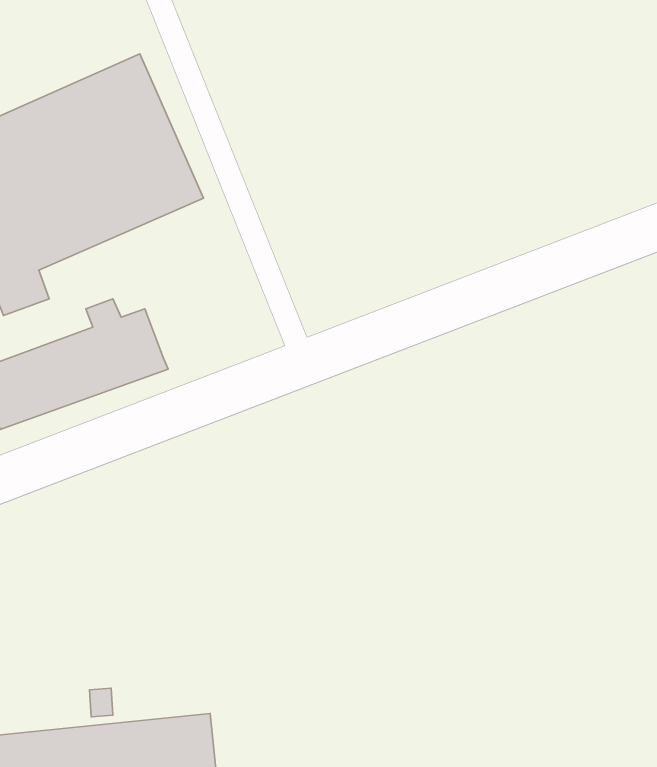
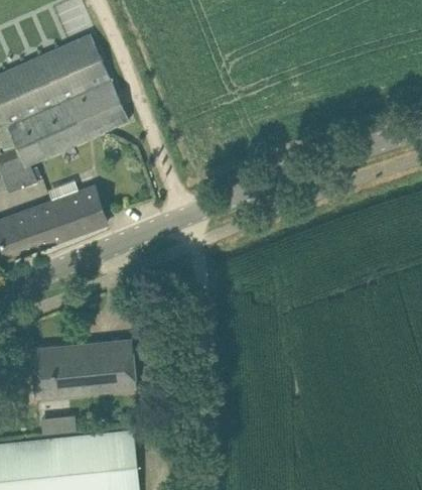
building: none -> [30,340,137,399]

